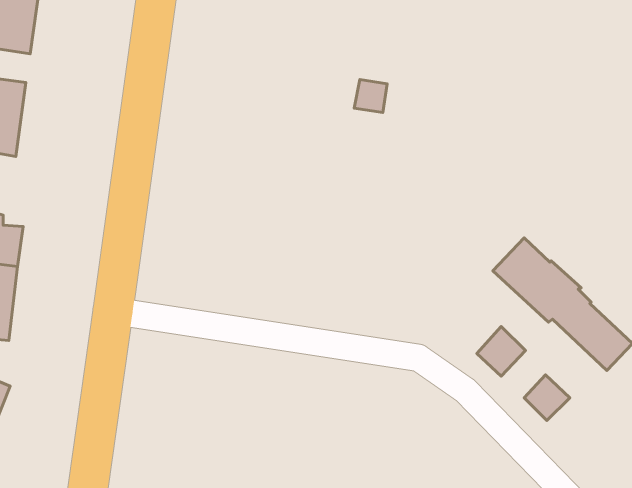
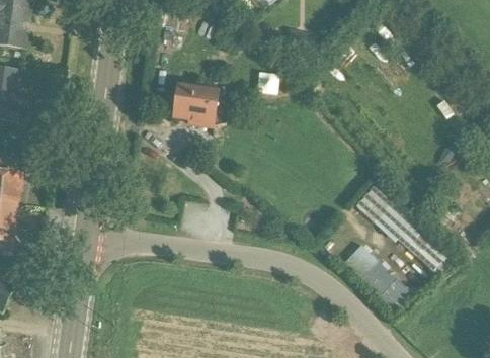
building: none -> [171,83,226,122]

